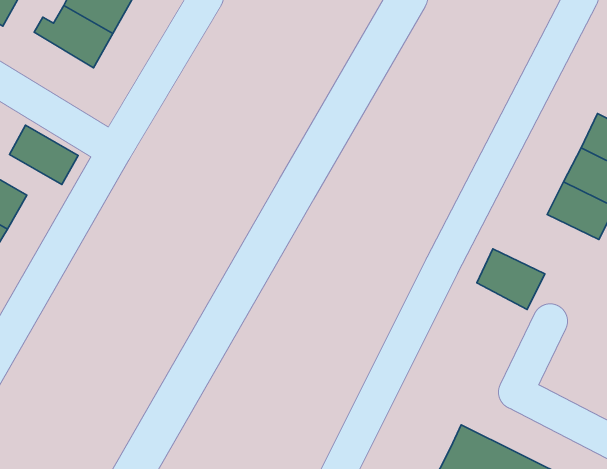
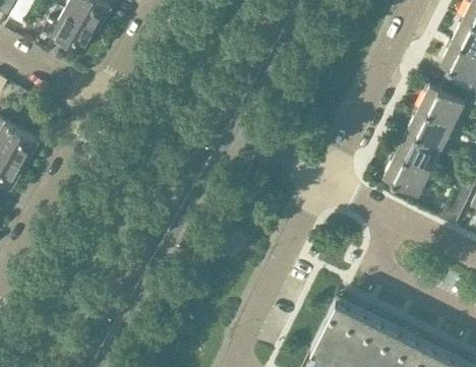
building: [9,125,78,185] -> none
building: [477,249,545,310] -> [383,157,430,198]

